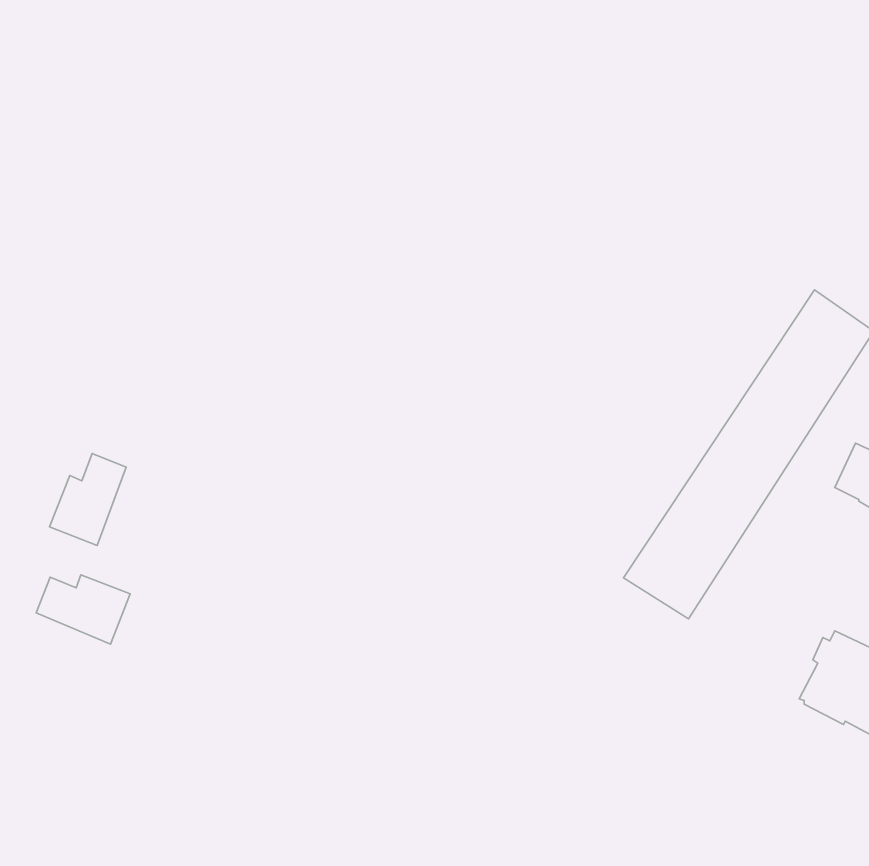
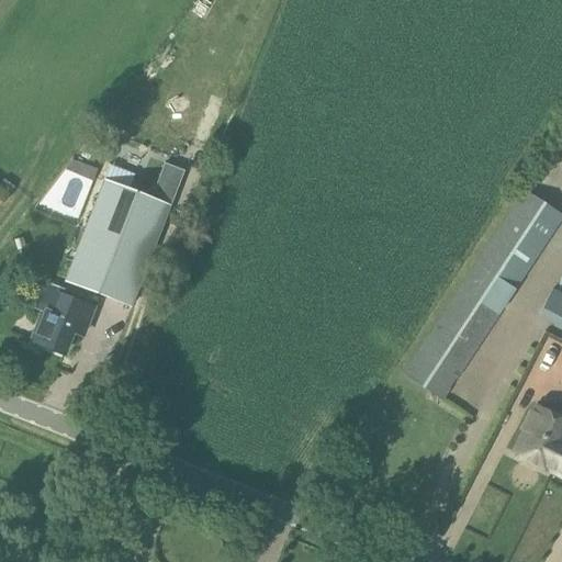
building: none -> [65,162,184,305]
building: [36,575,130,644] -> none

